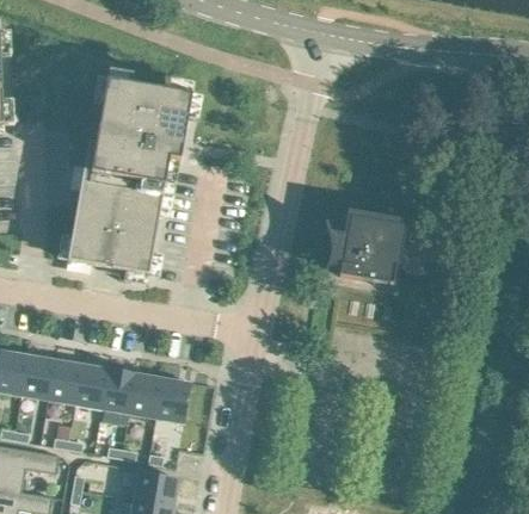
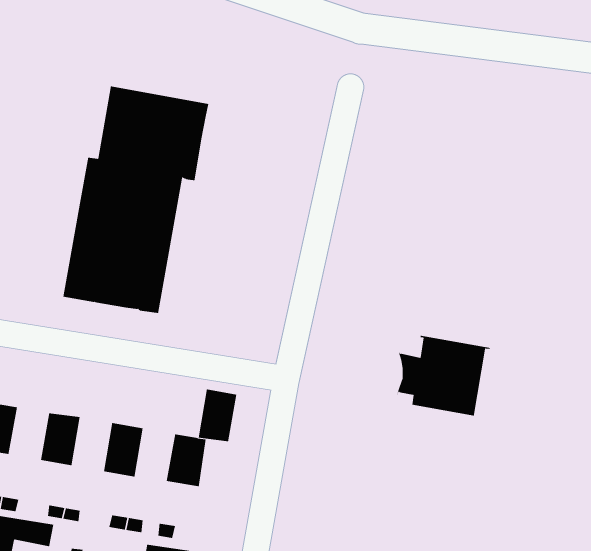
building: [325,215,406,284] -> [396,335,491,416]
building: [20,354,54,400] -> none
building: [74,363,107,409] -> none
building: [128,372,161,417] -> [198,389,237,442]

